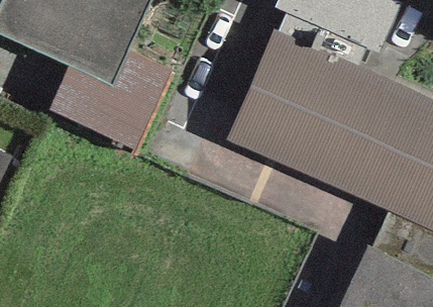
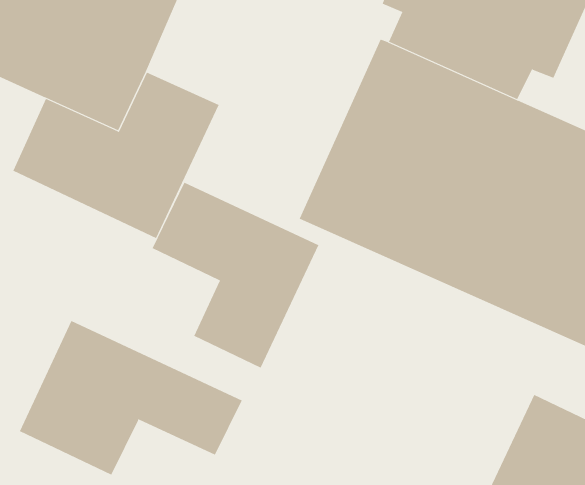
building: none -> [152,182,319,369]
building: none -> [19,320,242,475]

